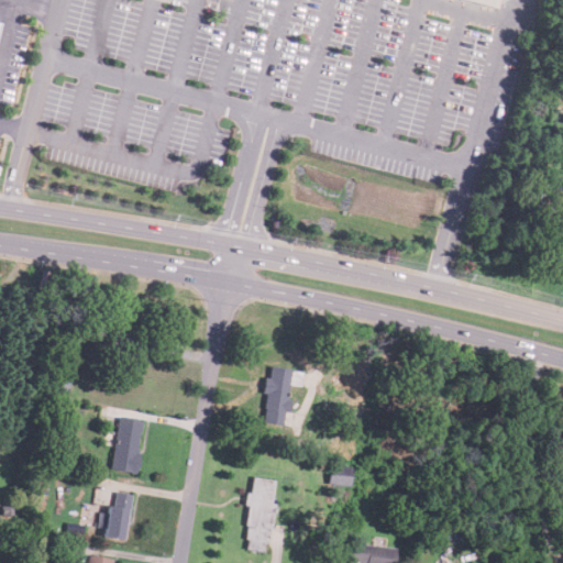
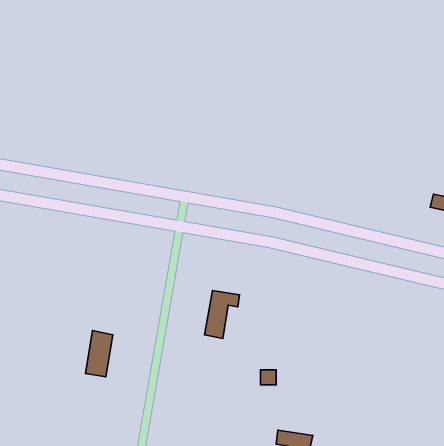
building: [247,477,279,551] -> none
building: [104,492,133,541] -> none

